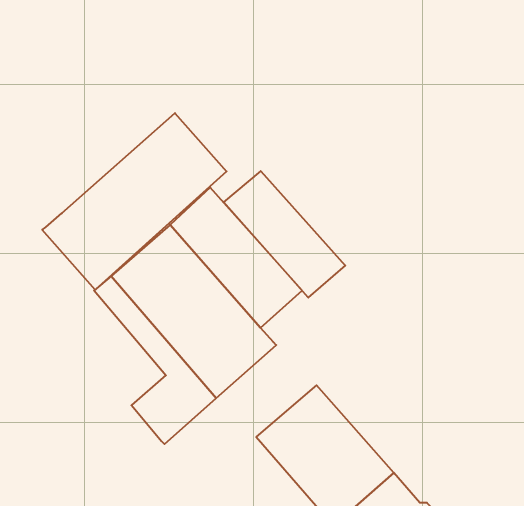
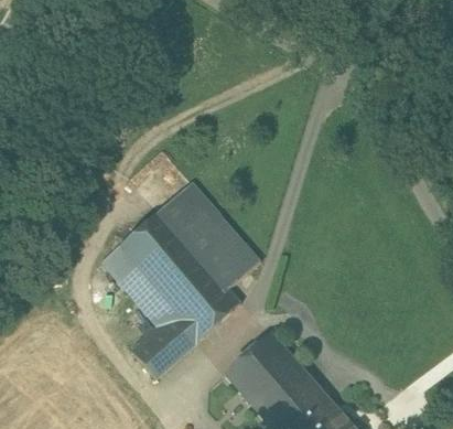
building: [42,113,227,290] -> none
building: [224,171,345,298] -> none

